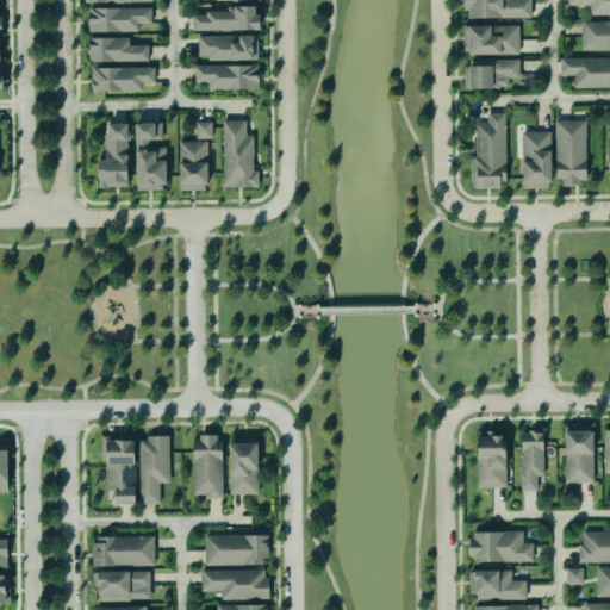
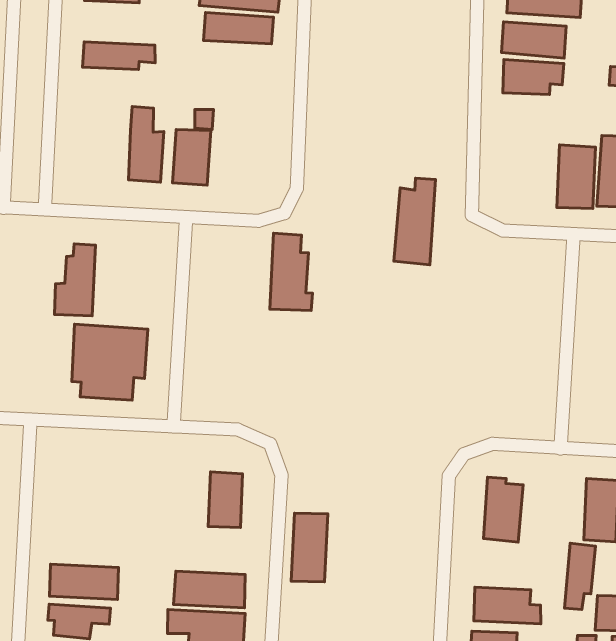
building: [89,38,149,62] -> none
building: [194,66,260,91] -> none
building: [473,113,505,189] -> [394,178,436,265]
building: [222,120,260,188] -> [270,233,312,311]
building: [97,124,131,188] -> [55,244,95,316]
building: [521,432,544,491] -> [565,543,596,609]
building: [192,435,223,497] -> [291,513,328,582]
building: [104,438,169,503] -> [72,324,148,400]

